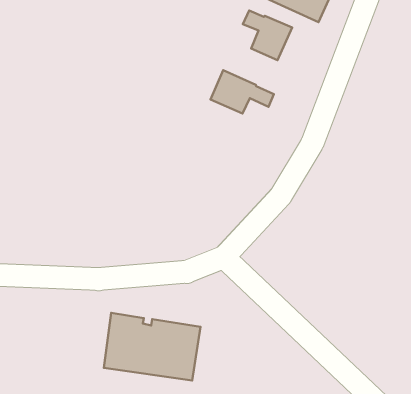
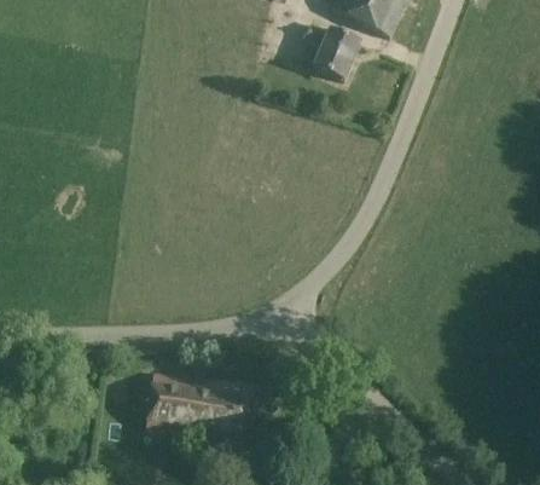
building: [211,70,274,114] -> none

